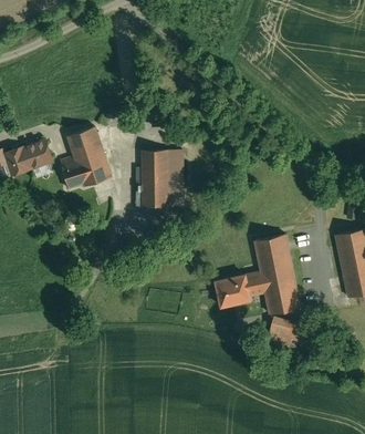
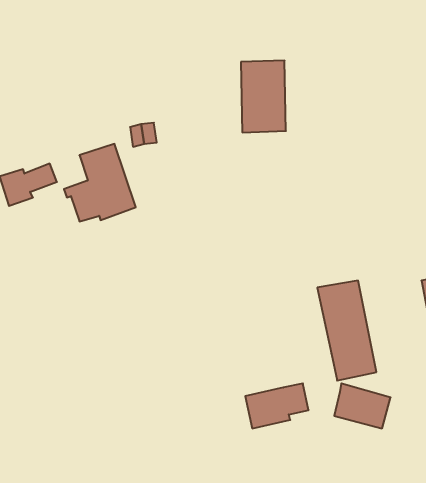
building: [142,149,177,206] -> [241,61,286,132]
building: [215,271,264,307] -> [245,383,309,428]

